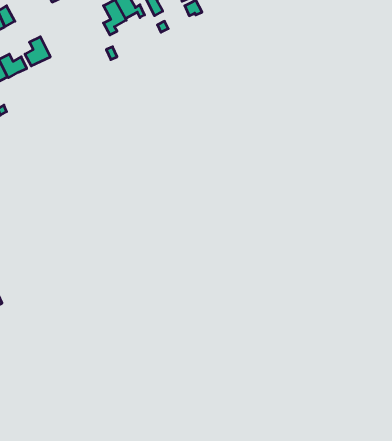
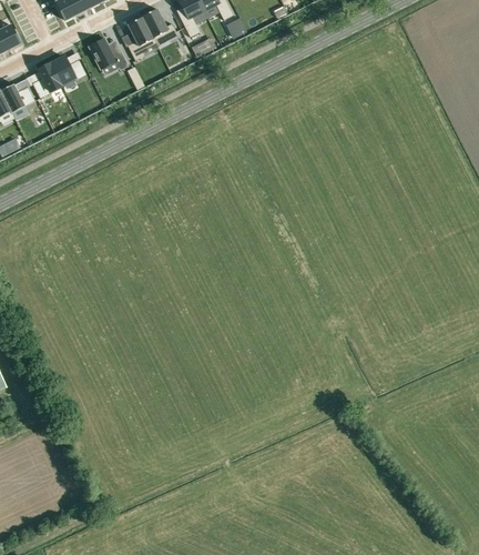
building: none -> [89,37,129,68]
building: none -> [51,54,86,83]

